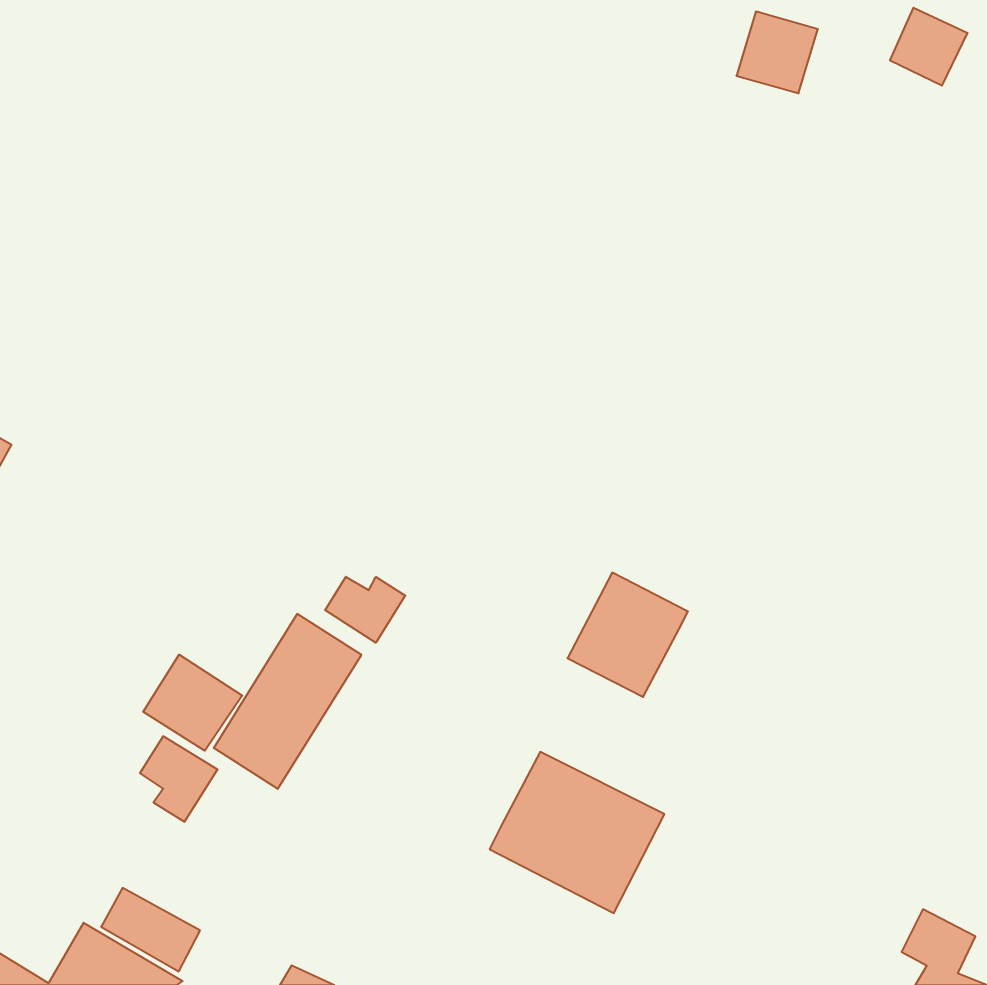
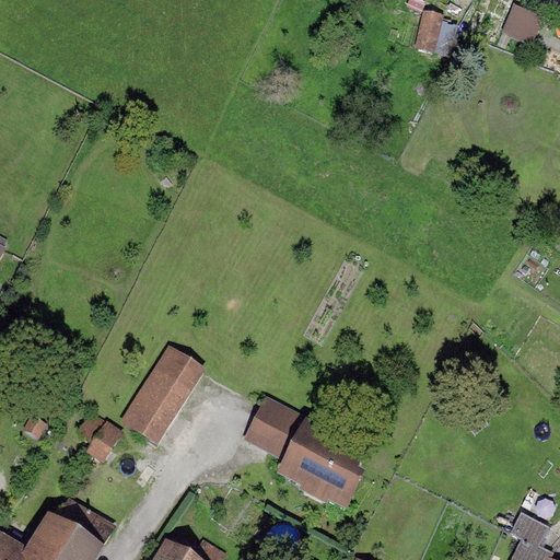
building: [567,573,688,697] -> [240,395,307,465]
building: [325,577,405,643] -> none
building: [143,655,242,751] -> none

